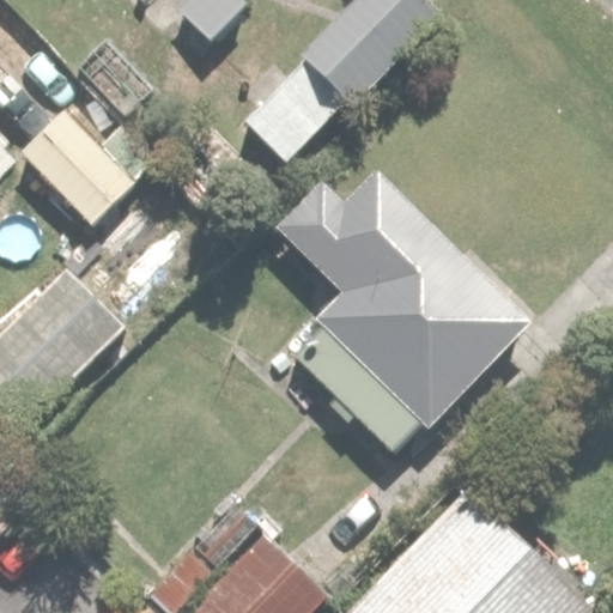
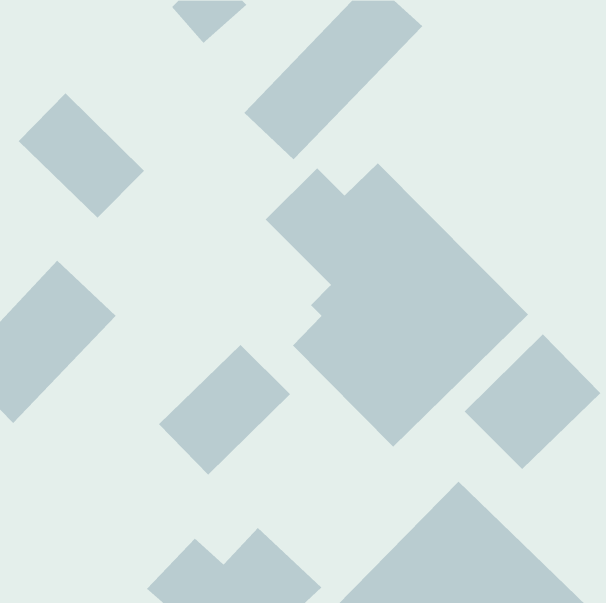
building: none -> [464,334,601,470]
building: none -> [158,344,291,476]

